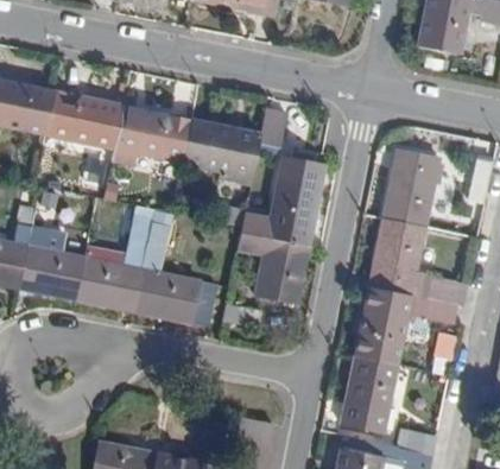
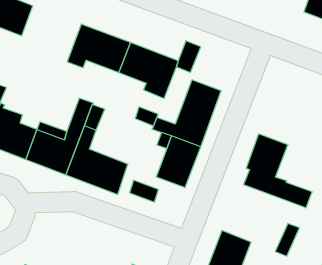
building: [45,93,122,145] -> none
building: [384,150,439,224] -> none
building: [355,287,457,363] -> none

